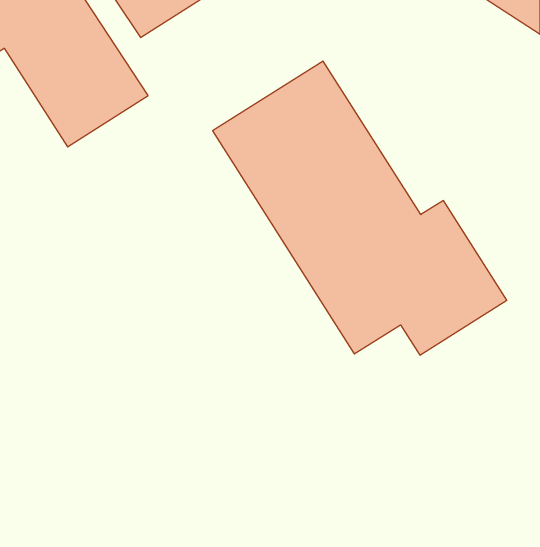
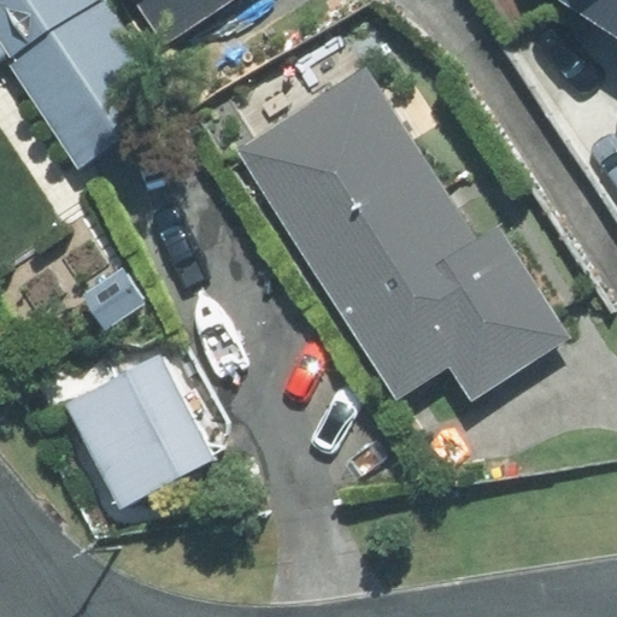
building: none -> [64,359,210,509]

